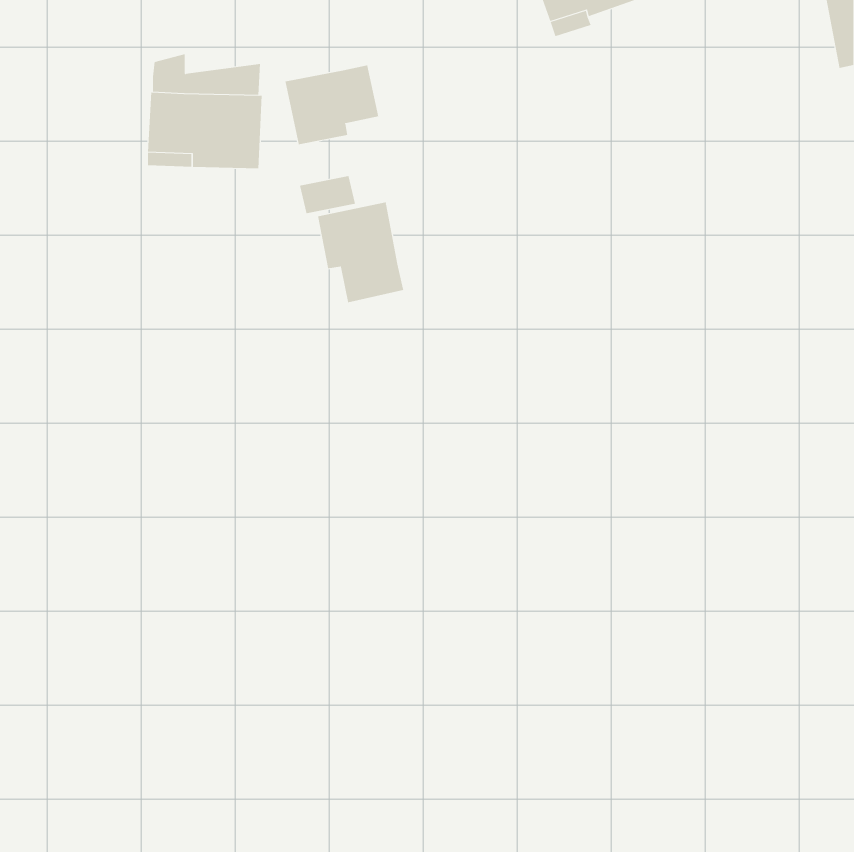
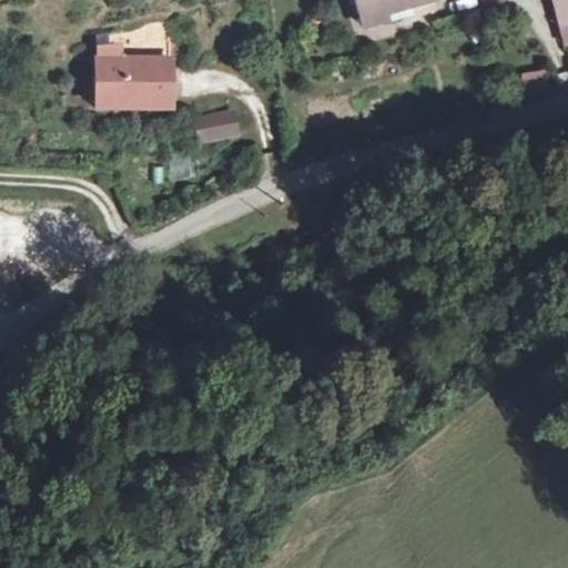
building: [285,64,379,145] -> none
building: [317,201,404,303] -> none

